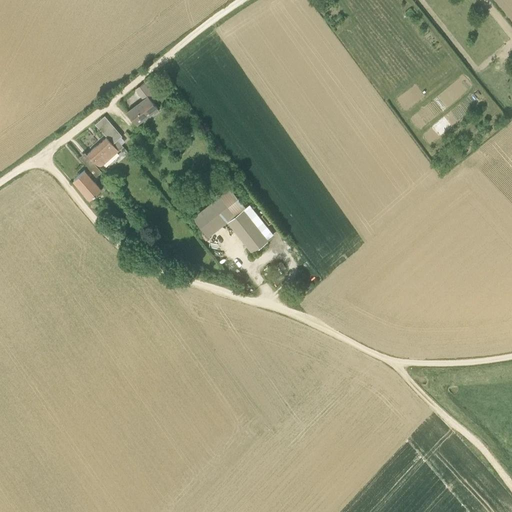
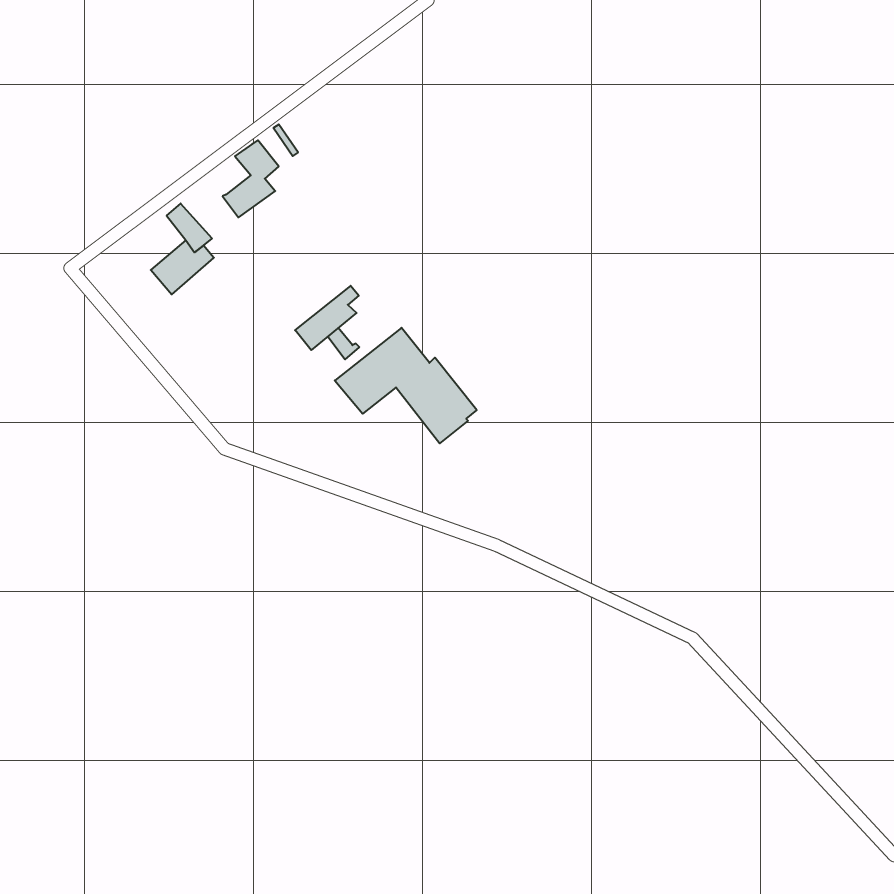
building: none -> [295,286,359,350]
building: [72,165,101,199] -> none

